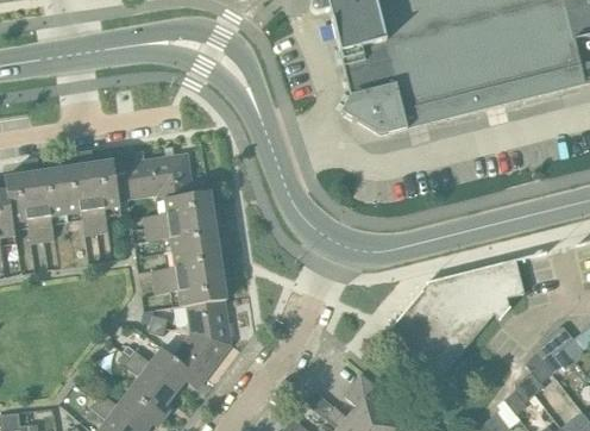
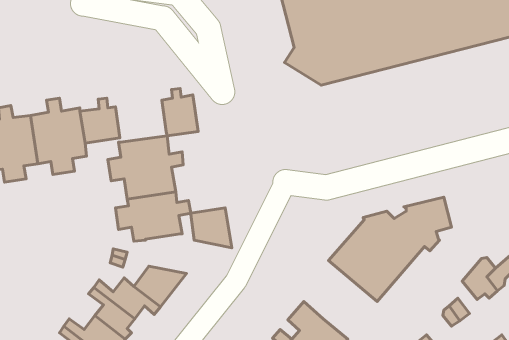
building: [153,146,194,199] -> [162,88,198,136]
building: [187,300,232,344] -> [191,208,232,248]

